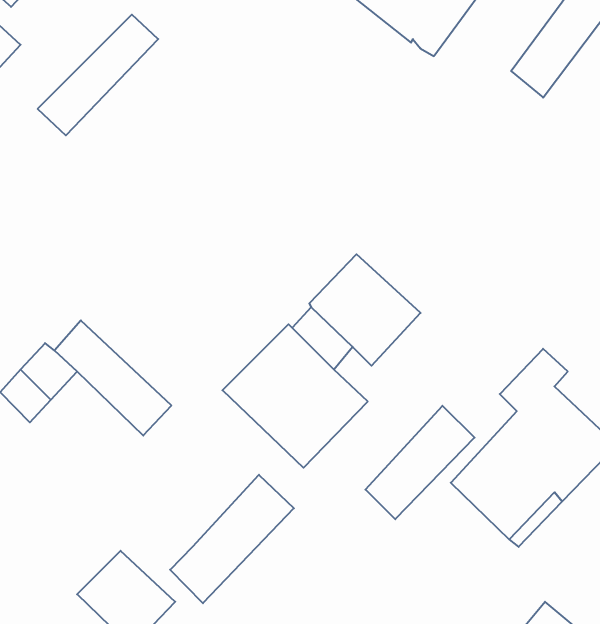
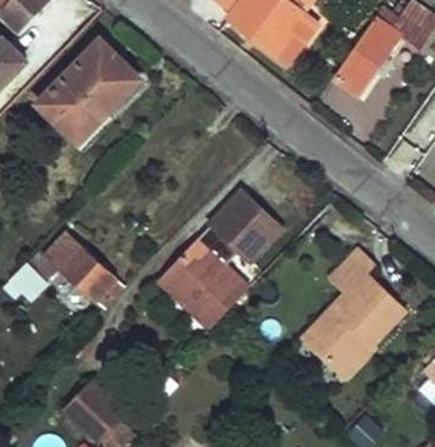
building: none -> [54,54,135,145]
building: [365,406,475,519] -> none
building: [170,475,294,603] -> none

